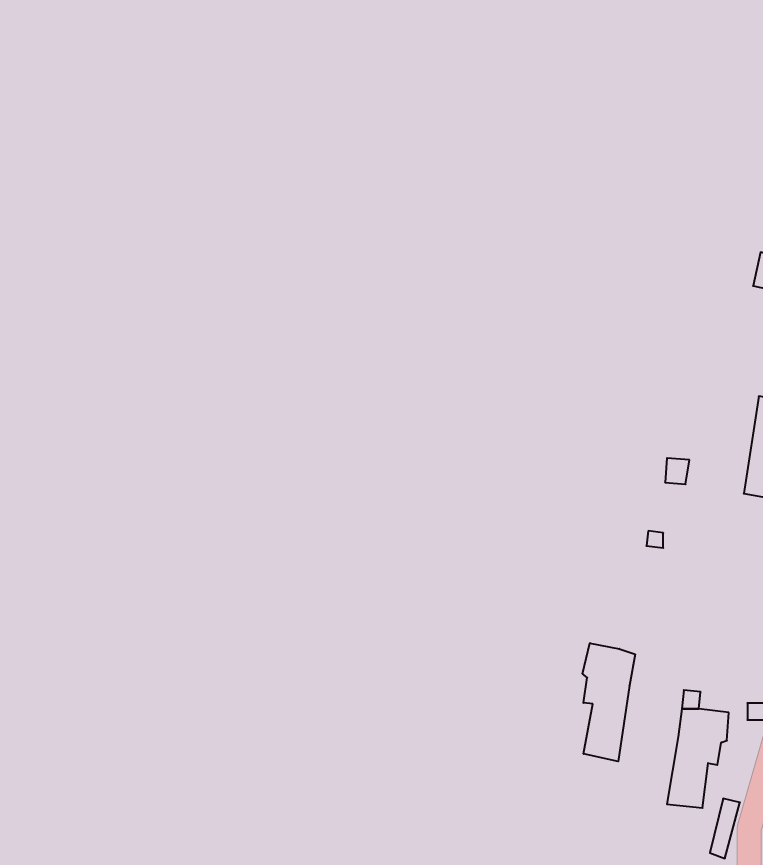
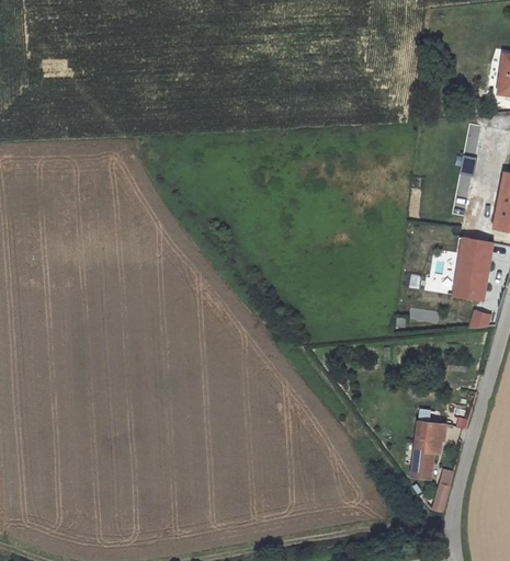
building: [583,643,635,761] -> none

